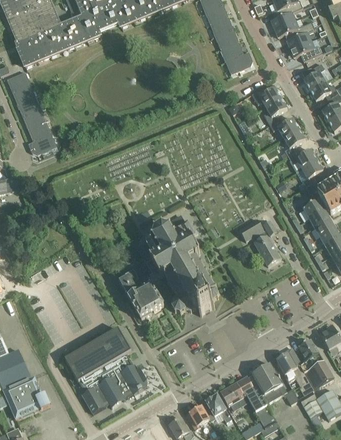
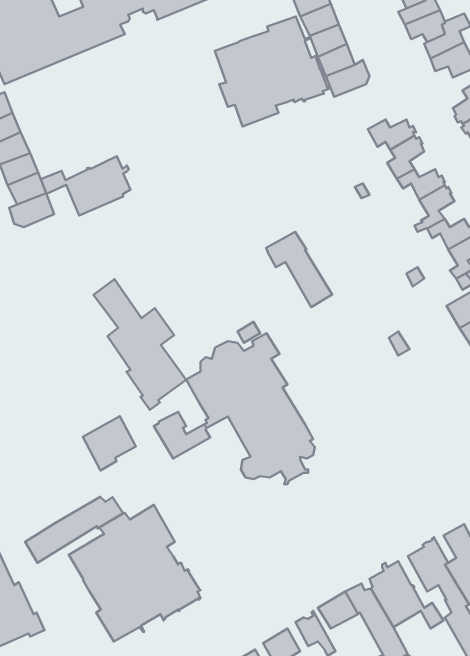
building: none -> [215,16,329,127]
building: none -> [41,156,131,216]
building: none -> [94,279,186,410]
building: [239,218,280,265] -> [266,232,332,307]
building: [130,285,163,319] -> [83,416,136,471]
building: none -> [25,497,123,563]

